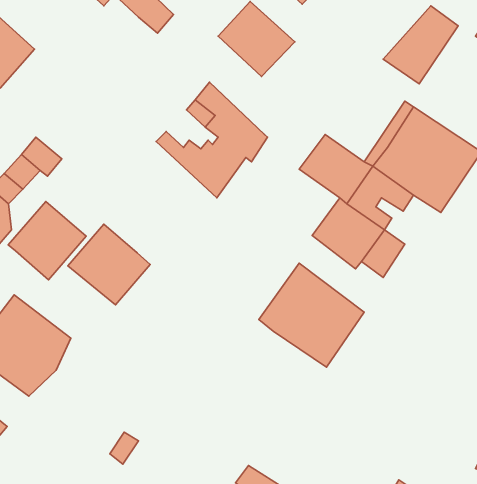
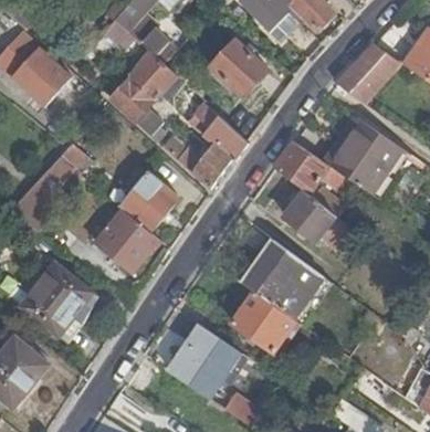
building: none -> [108,51,176,137]
building: [8,202,86,280] -> [117,171,177,231]
building: none -> [231,291,295,351]
building: none -> [170,325,237,394]

